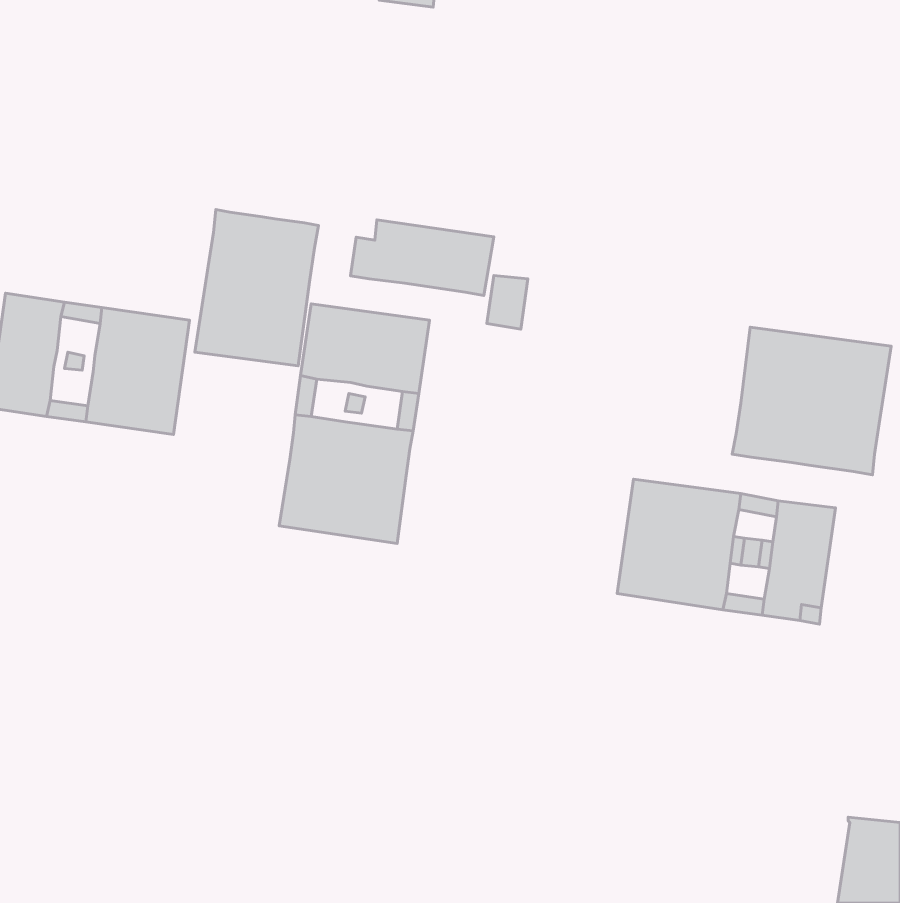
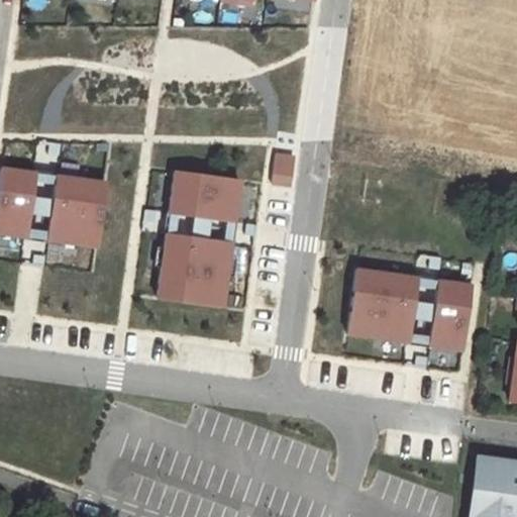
building: [195,209,319,366] -> none
building: [351,220,494,295] -> none
building: [732,327,891,475] -> none

